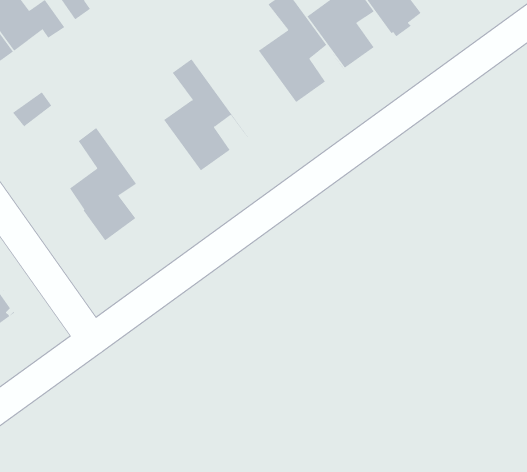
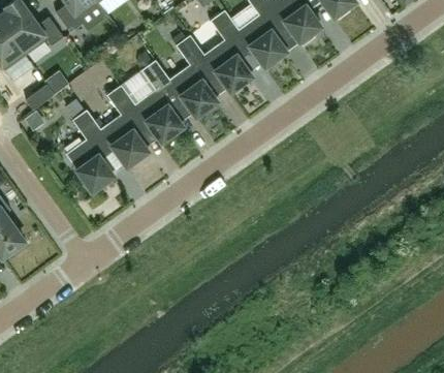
building: none -> [155,35,230,117]
building: none -> [86,85,161,167]

